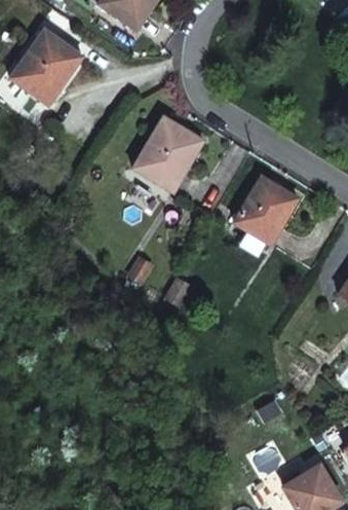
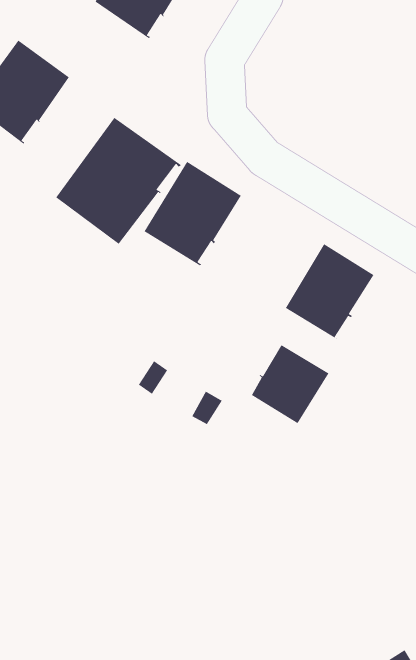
building: none -> [55,117,182,245]
building: none -> [249,344,330,424]

